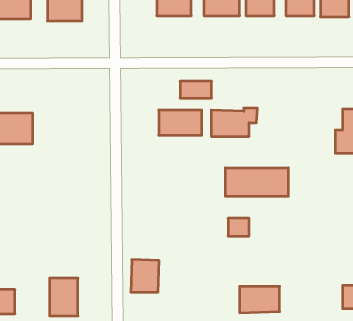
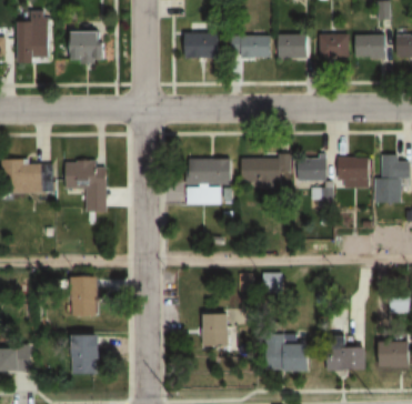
building: [180,81,212,98] -> [185,185,219,203]
building: none -> [295,156,326,180]
building: none -> [335,156,369,185]
building: none -> [64,161,108,213]
building: [225,168,288,196] -> none
building: none -> [70,276,97,316]
building: [131,260,159,292] -> [199,312,229,346]
building: none -> [326,345,369,370]

